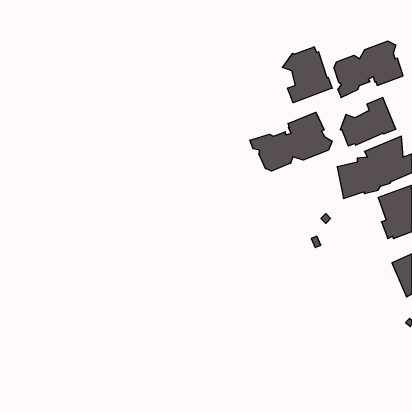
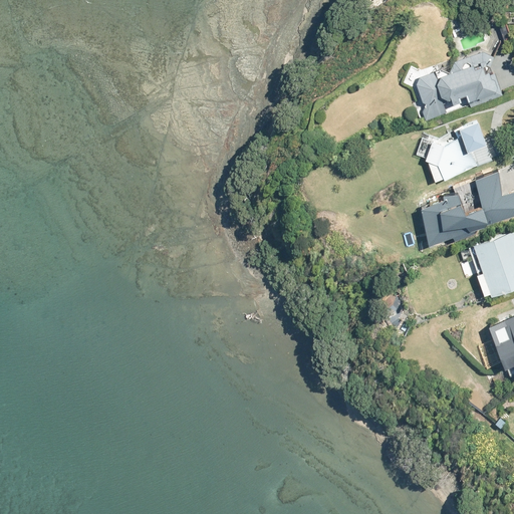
building: [282,47,332,103] -> none
building: [250,112,332,171] -> none

